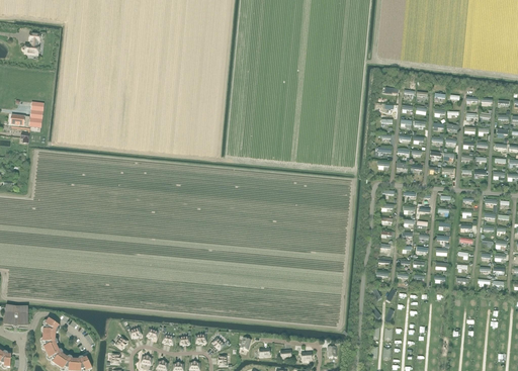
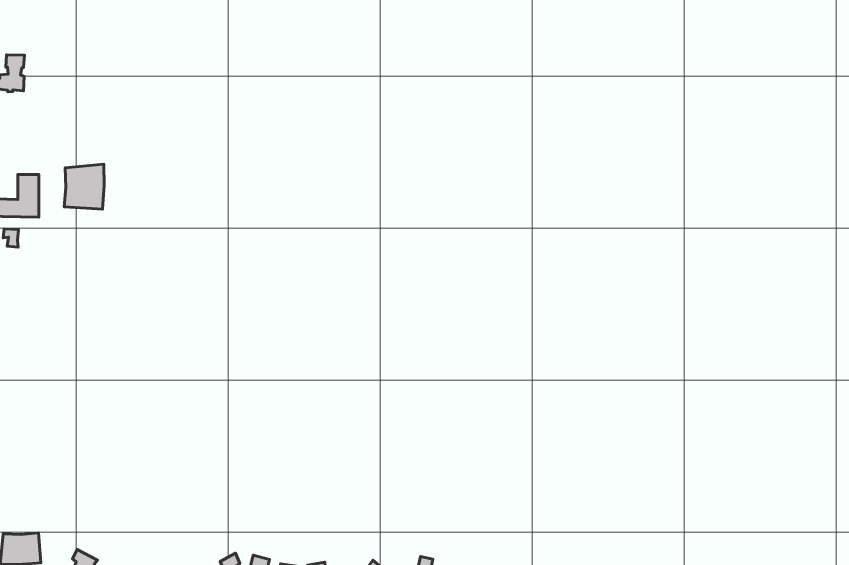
building: none -> [64,164,104,209]

